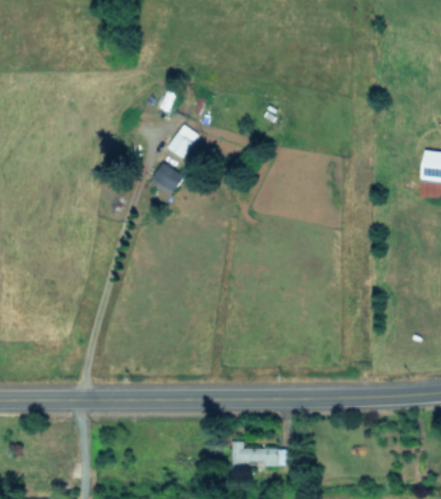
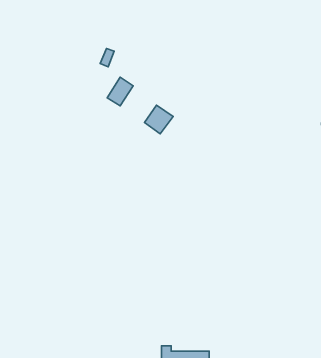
building: [150,163,184,196] -> [145,105,173,134]

